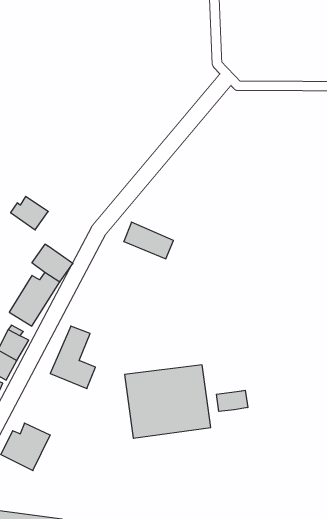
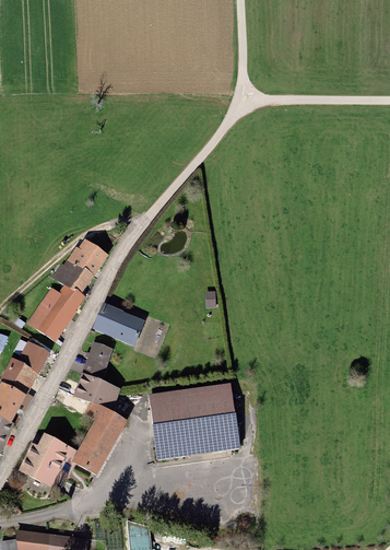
building: [11,196,48,230] -> [71,245,109,279]
building: [124,222,173,259] -> [92,305,142,342]
building: none -> [73,400,122,467]
building: [216,390,248,411] -> none

